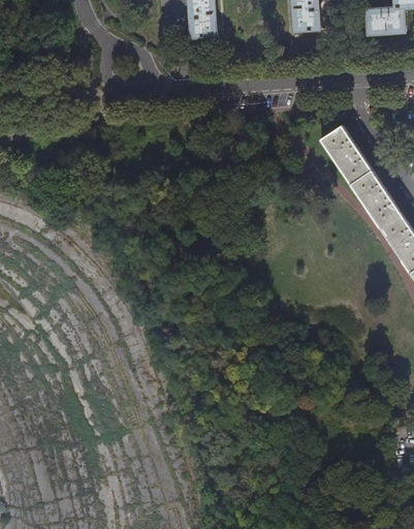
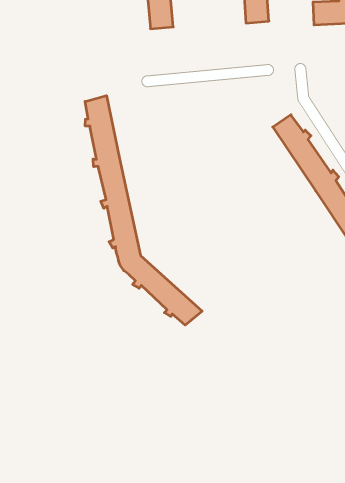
building: none -> [85,96,202,325]

